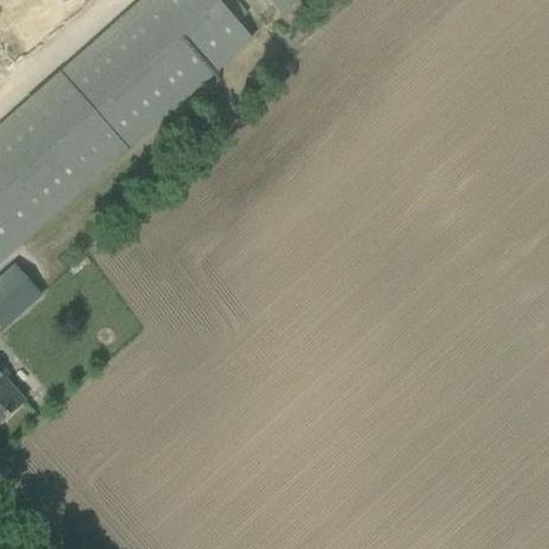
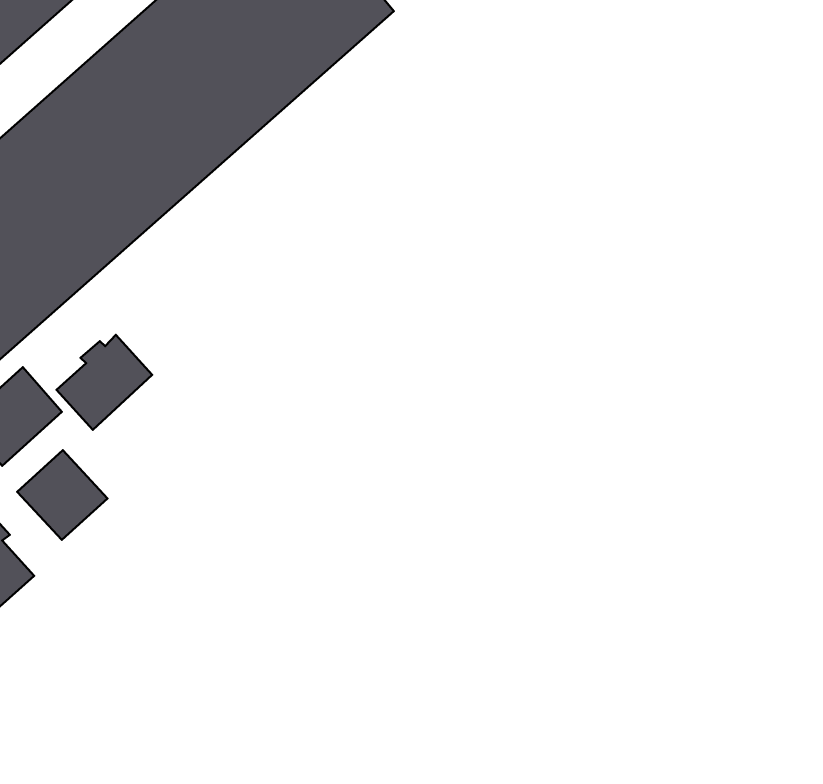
building: none -> [56,335,152,430]
building: none -> [17,450,108,540]

